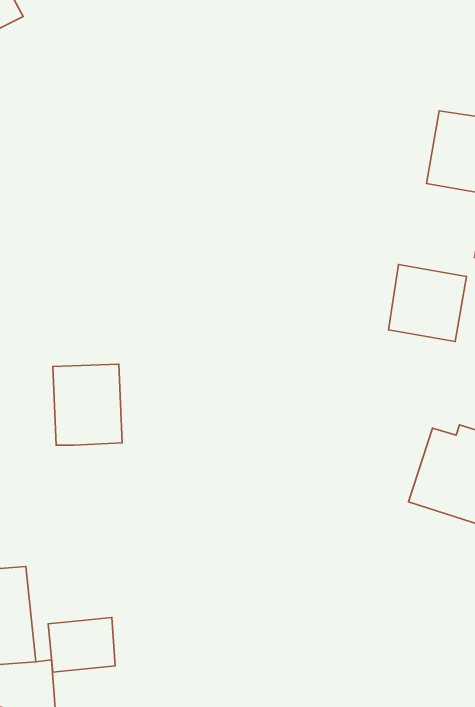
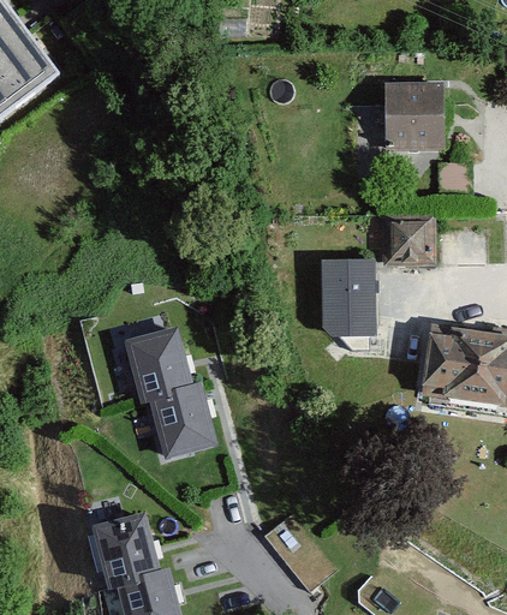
building: none -> [321,261,375,338]
building: none -> [155,386,219,456]
building: [48,617,115,672] -> none

